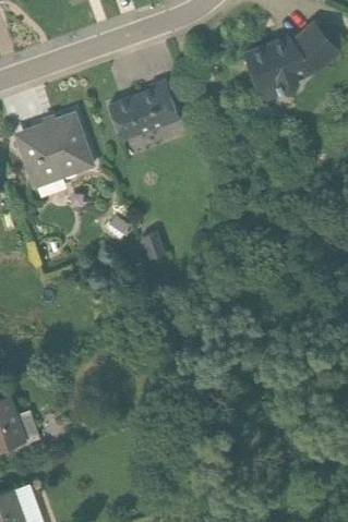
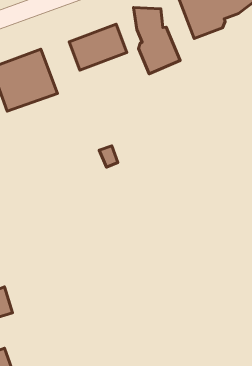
building: none -> [133,8,180,74]

